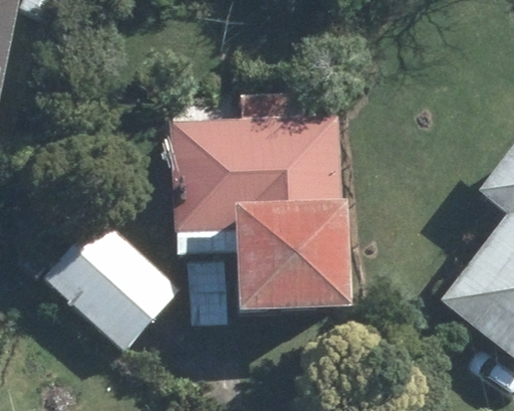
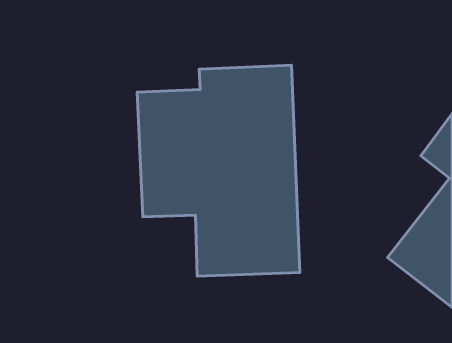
building: [45,217,180,351] -> none

